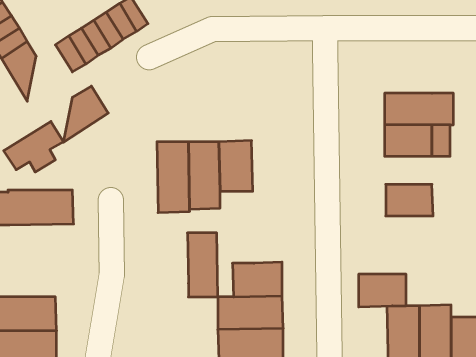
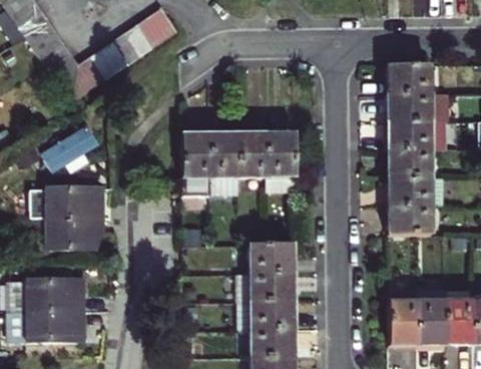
building: none -> [386,69,428,96]
building: [63,86,108,142] -> [68,53,108,103]
building: none -> [386,152,428,177]
building: none -> [52,213,109,245]
building: [187,233,218,297] -> [268,138,295,196]
building: [359,274,406,307] -> [387,206,429,235]

